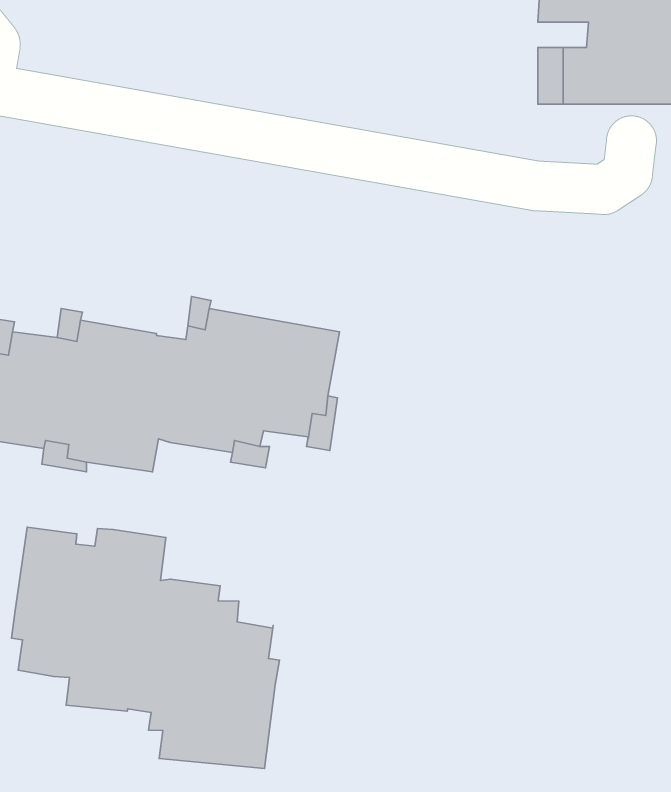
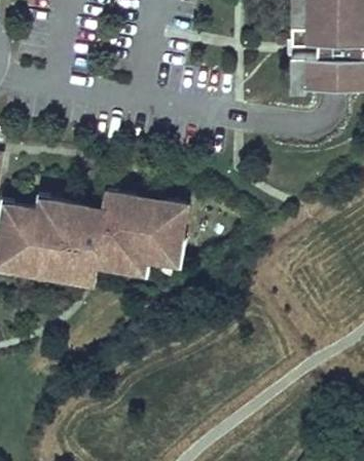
building: [12,527,279,769] -> none

